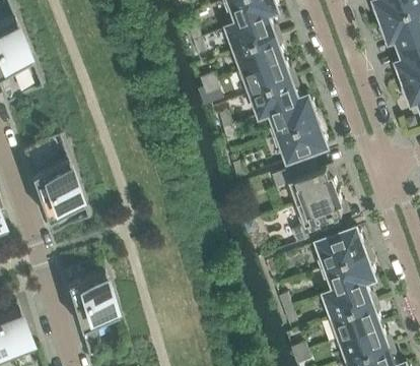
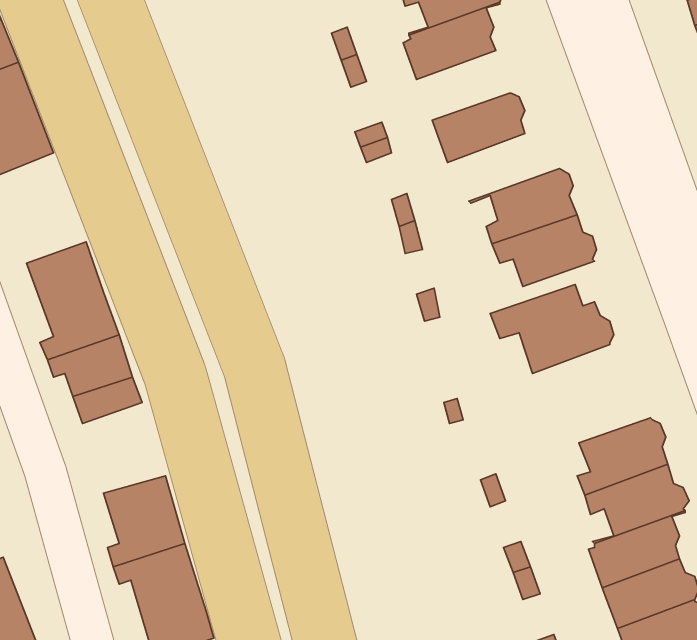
building: [232,36,283,72] -> none
building: [249,79,307,115] -> none
building: [291,190,343,242] -> none

